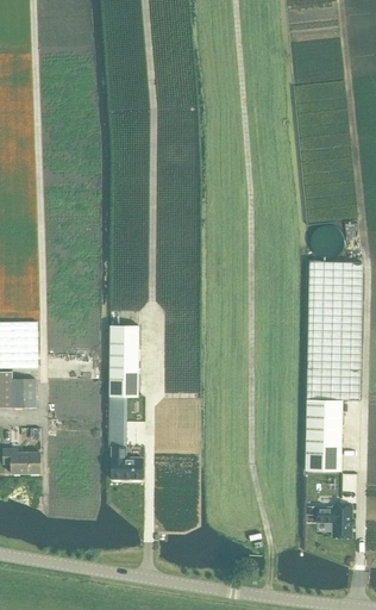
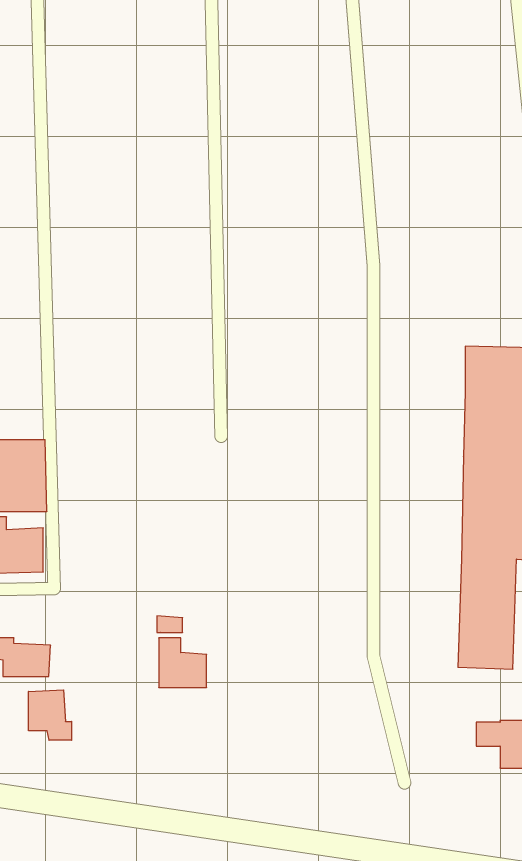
building: [109,324,138,419] -> none
building: none -> [29,690,72,740]

